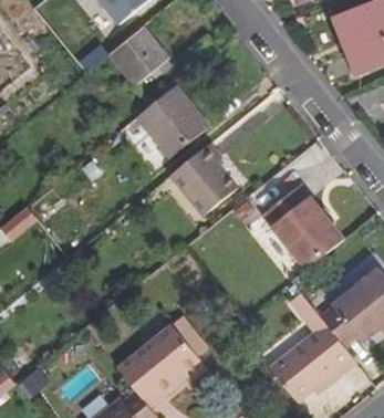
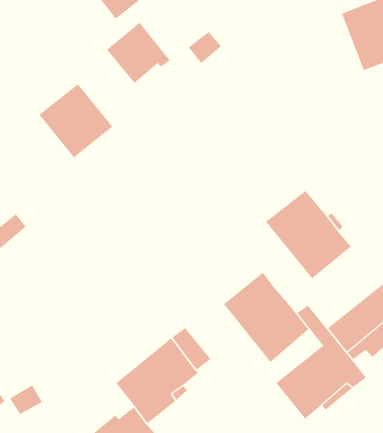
building: [137,85,208,156] -> [38,83,113,158]
building: [170,143,237,215] -> none
building: none -> [223,272,309,363]

